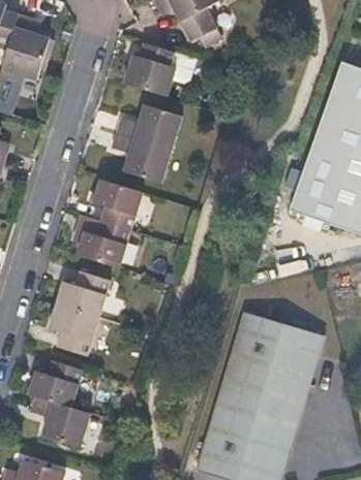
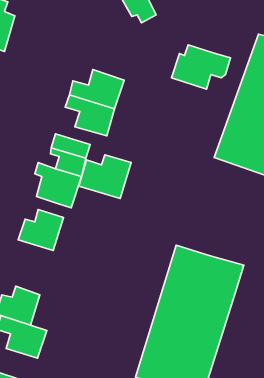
building: [124,43,194,96] -> [172,45,231,89]
building: none -> [79,155,131,198]
building: [48,306,96,355] -> none

